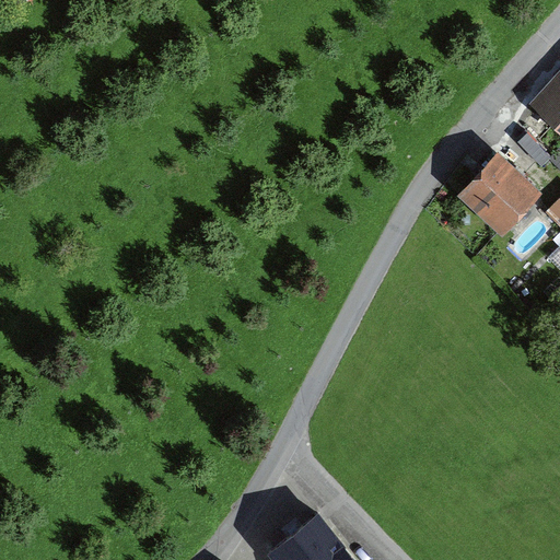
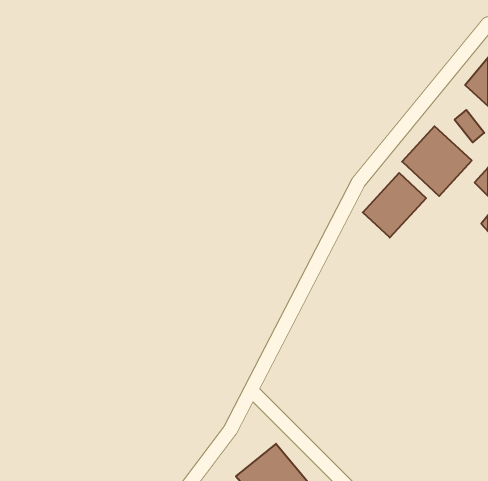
building: none -> [363,173,426,238]

